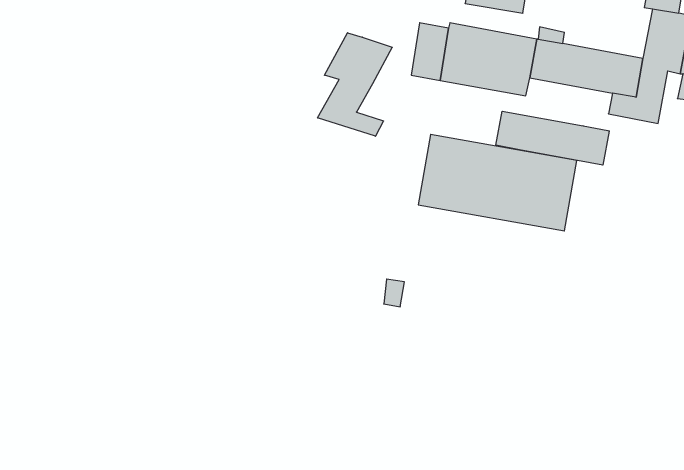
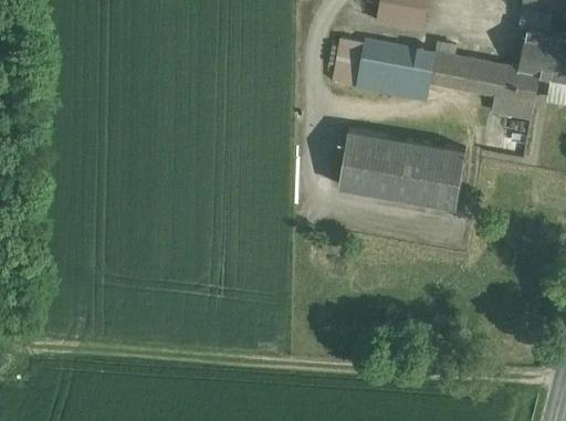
building: [318,33,392,136] -> none
building: [496,111,609,165] -> none

